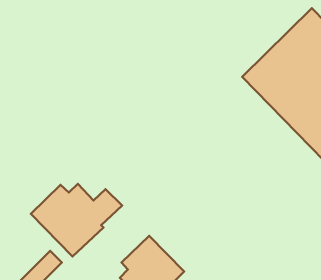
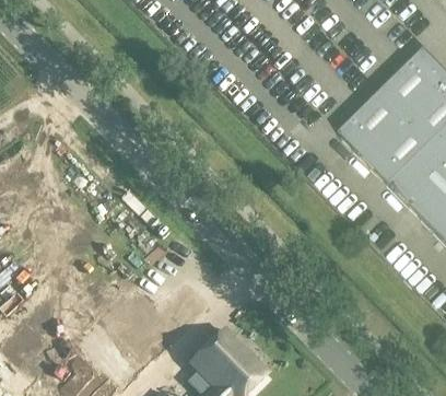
building: [31,184,122,257] -> none

